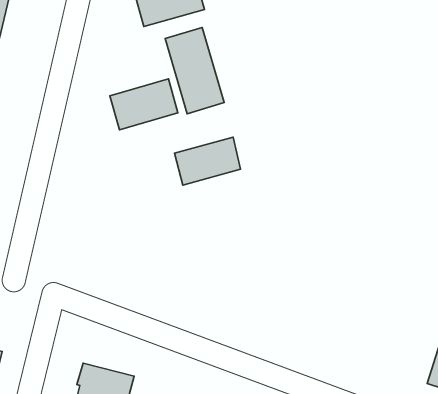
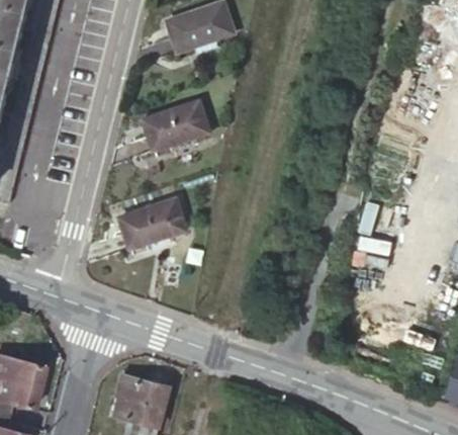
building: [165,27,224,114] -> none
building: [174,137,240,185] -> [120,198,183,244]

